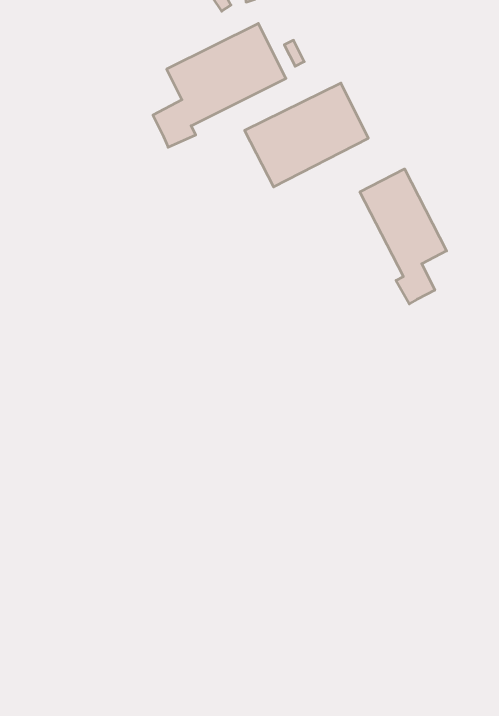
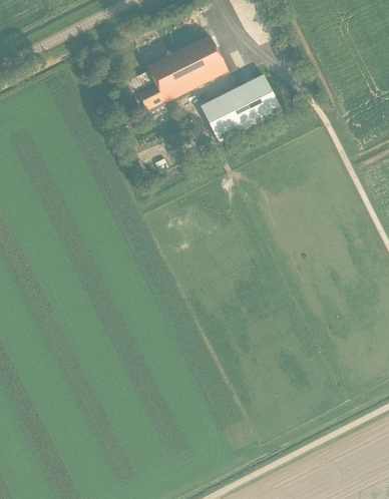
building: [360,169,447,304] -> none

